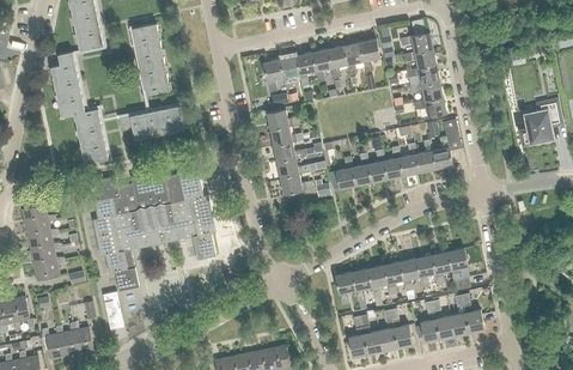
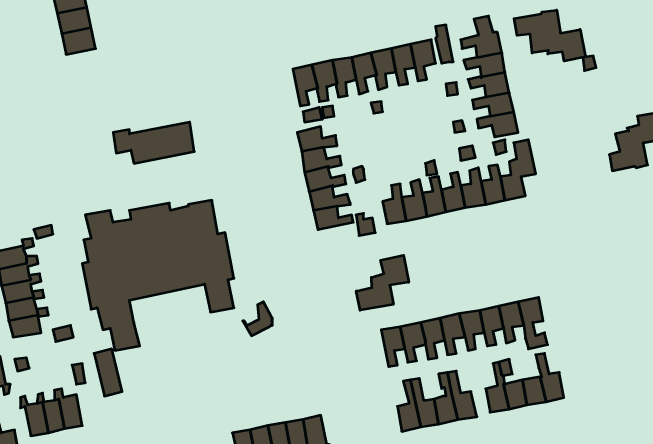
building: none -> [514,10,586,61]
building: [132,23,170,95] -> none
building: [50,51,108,164] -> none
building: none -> [356,255,409,310]

